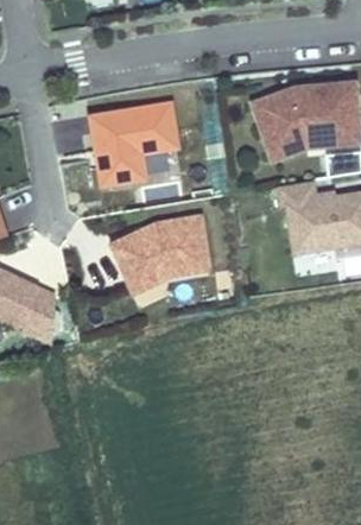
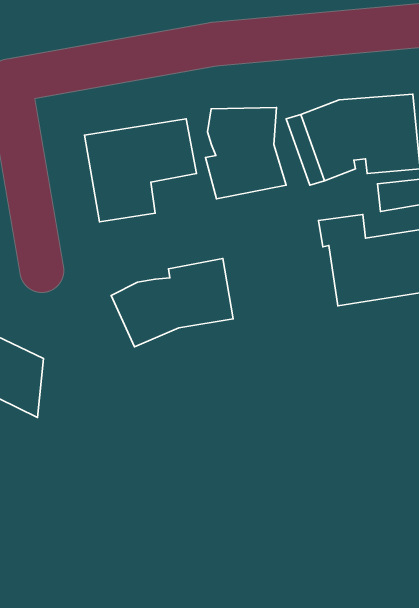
building: none -> [206,107,286,199]

